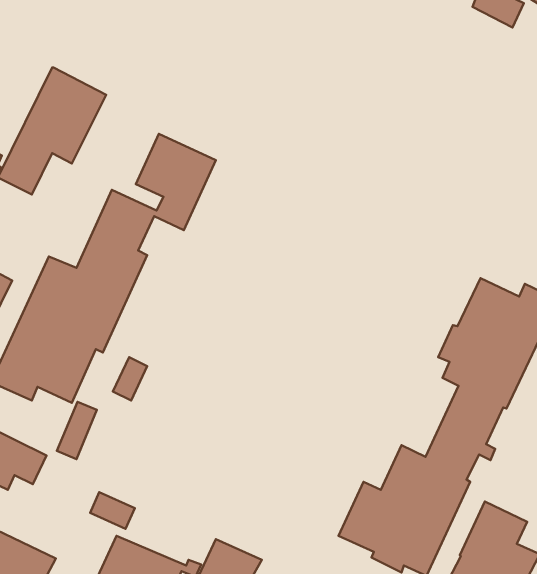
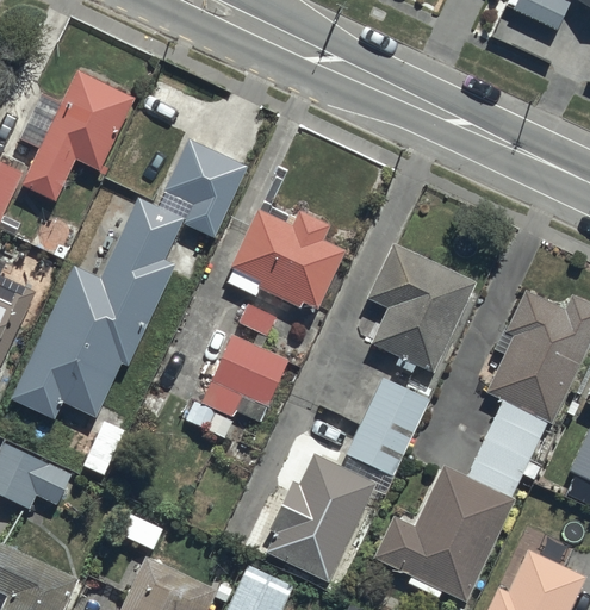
building: none -> [224,210,344,307]
building: none -> [353,243,476,373]
building: none -> [184,303,286,437]
building: none -> [346,379,428,478]
building: none -> [267,454,377,581]

